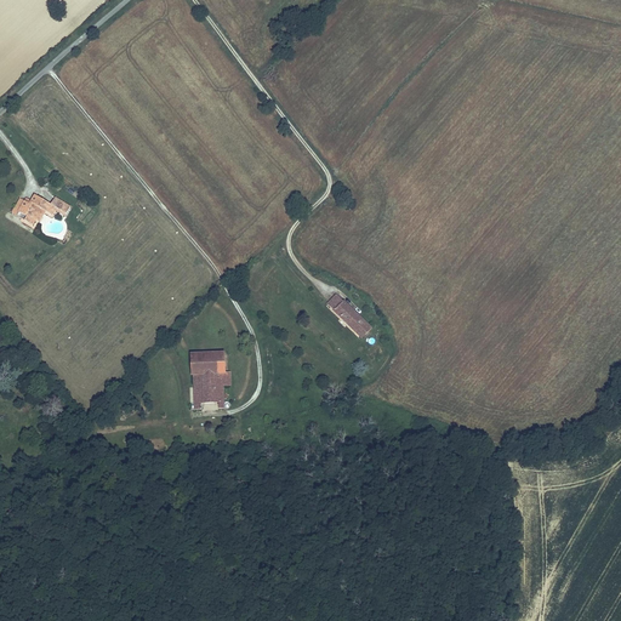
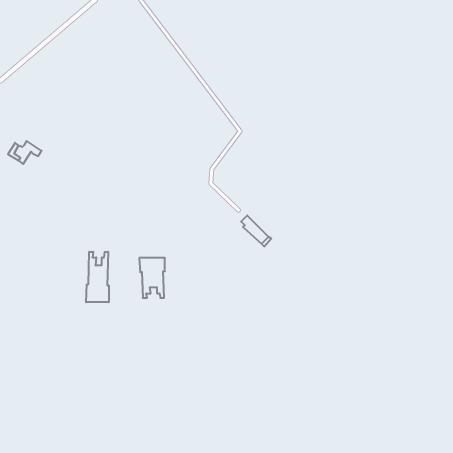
building: none -> [86,252,109,302]

